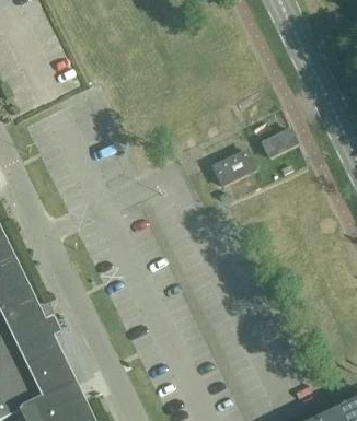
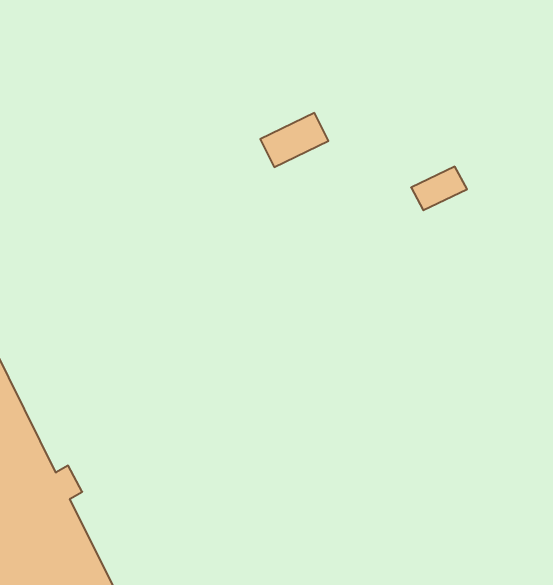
building: [215,148,257,182] -> [260,113,328,167]

